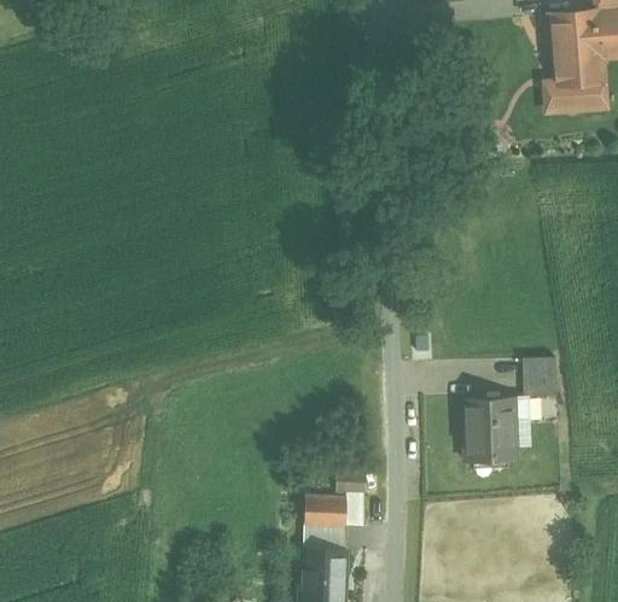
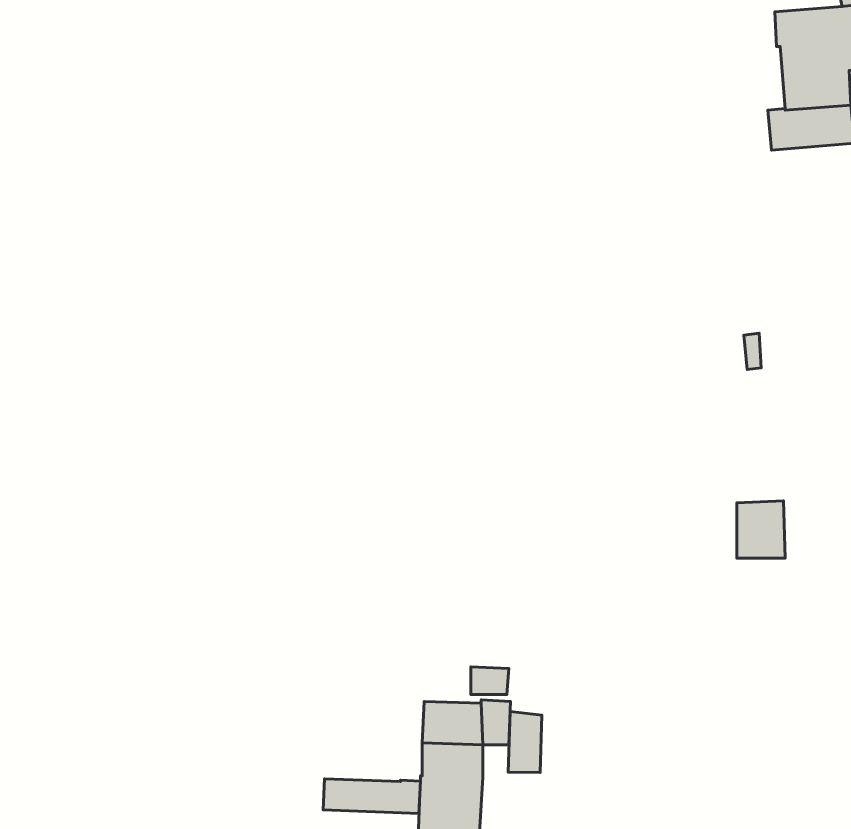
building: [465,397,531,460] -> none
building: none -> [508,711,542,772]
building: none -> [323,779,420,814]

